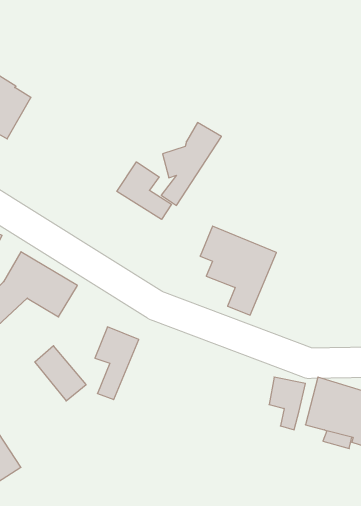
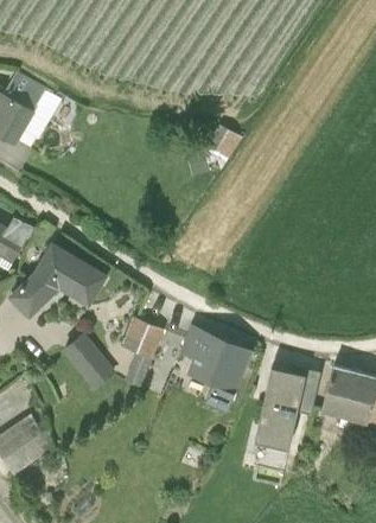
building: [117,162,172,219] -> none
building: [200,226,276,315] -> [179,324,251,408]
building: none -> [254,364,300,451]

